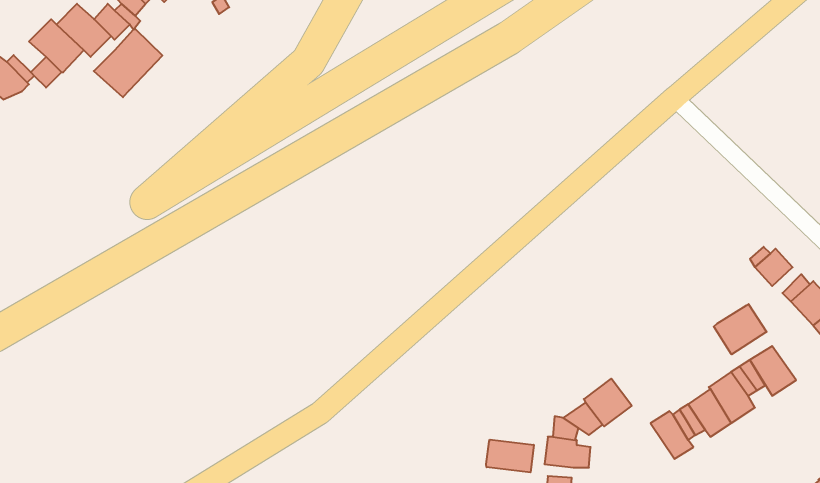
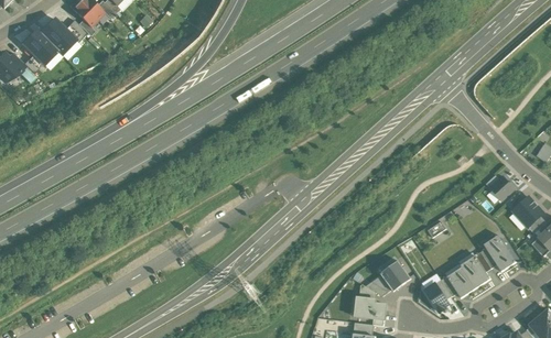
building: [94,29,162,97] -> none
building: [714,304,767,354] -> none
building: [486,440,534,472] -> none

